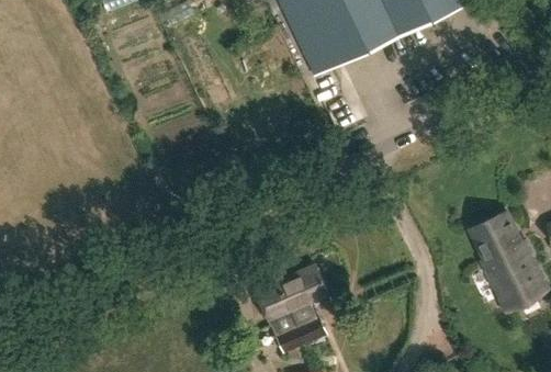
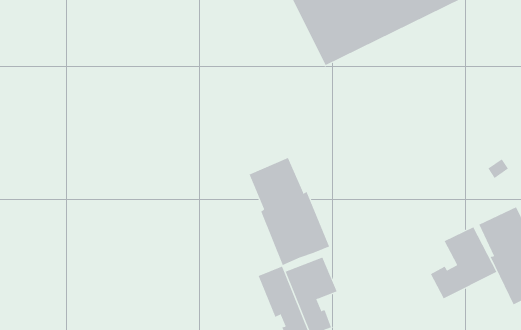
building: none -> [249,157,330,266]
building: none -> [430,227,497,299]

